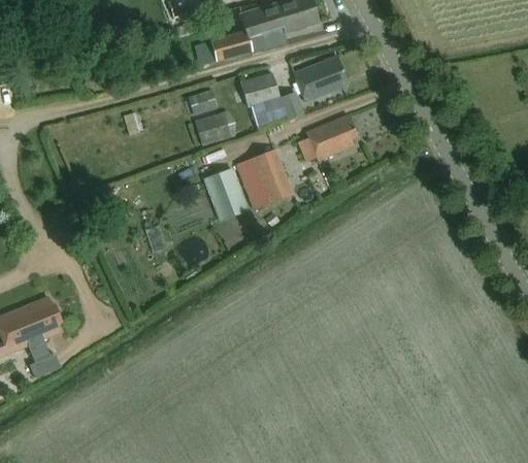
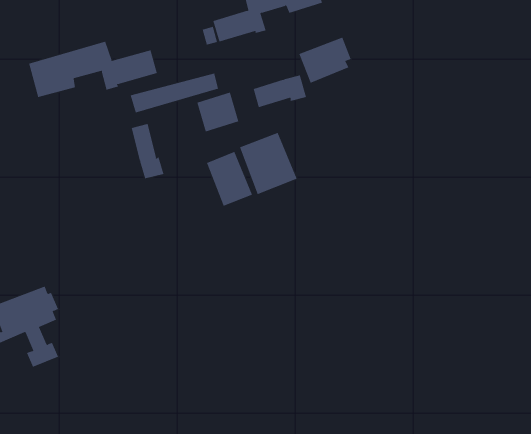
building: none -> [29,41,157,98]
building: [240,73,279,106] -> none
building: [298,113,357,161] -> none
building: none -> [131,123,164,179]

